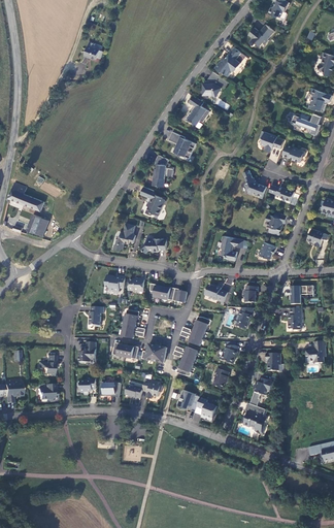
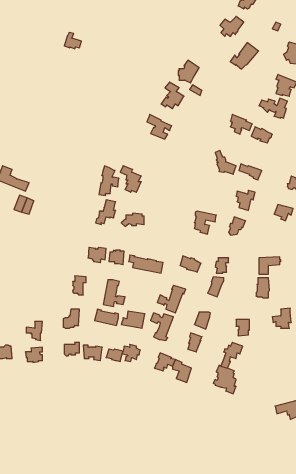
building: [215,46,246,75] -> [230,43,259,69]
building: [152,154,173,186] -> [99,166,119,195]

